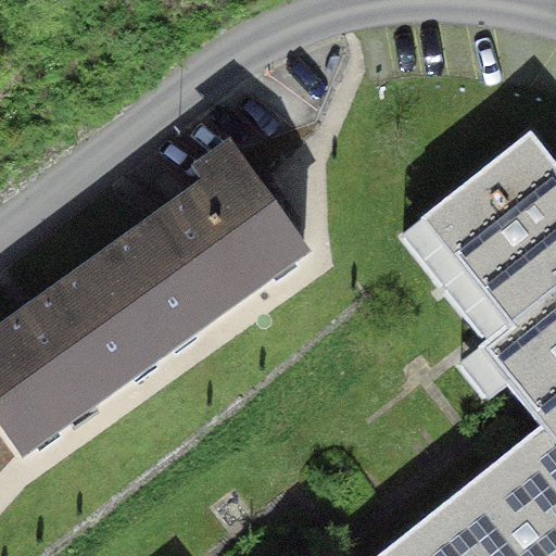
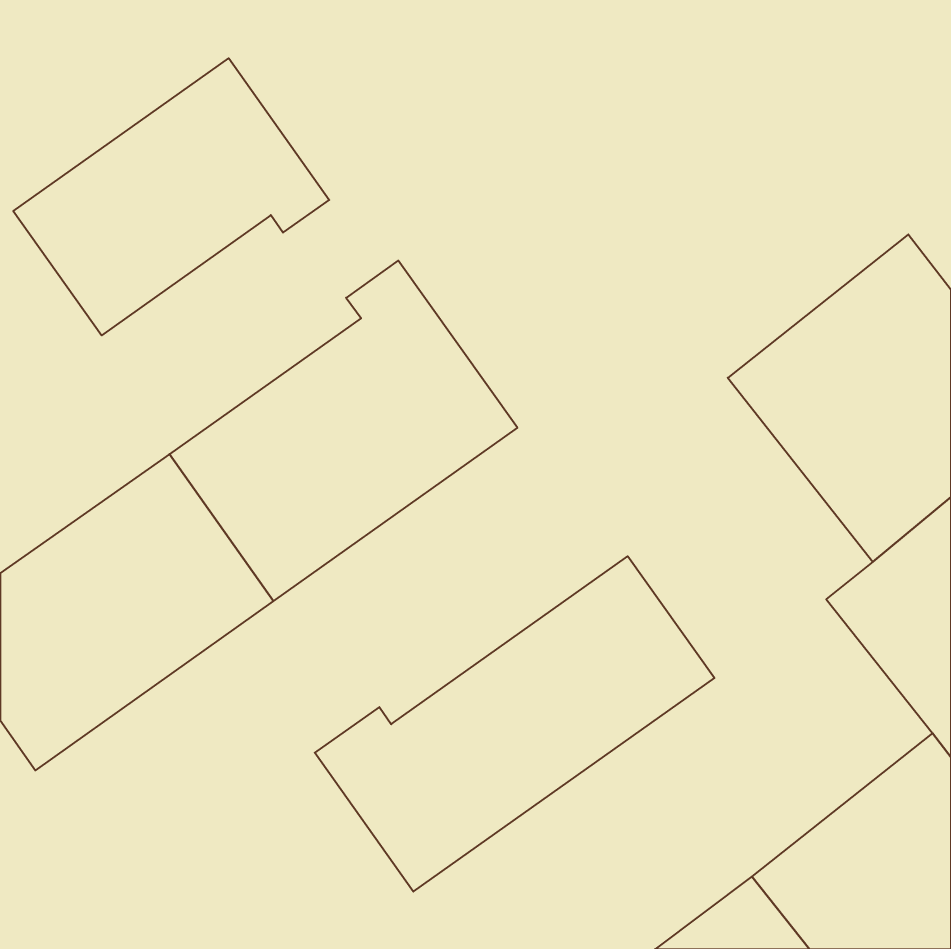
building: none -> [13,58,329,335]
building: none -> [315,556,714,892]

